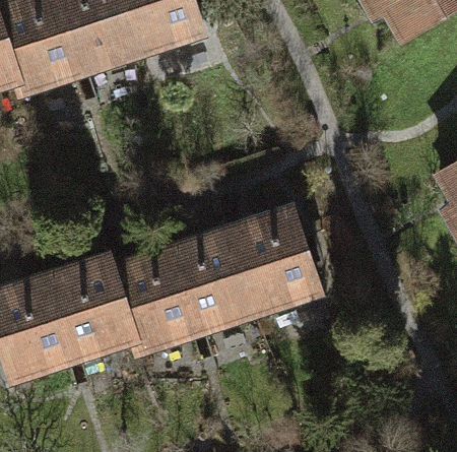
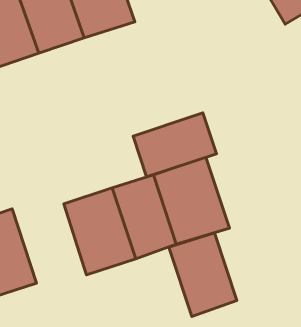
building: none -> [133,113,217,177]
building: [52,252,142,365] -> none
building: none -> [169,233,237,317]

